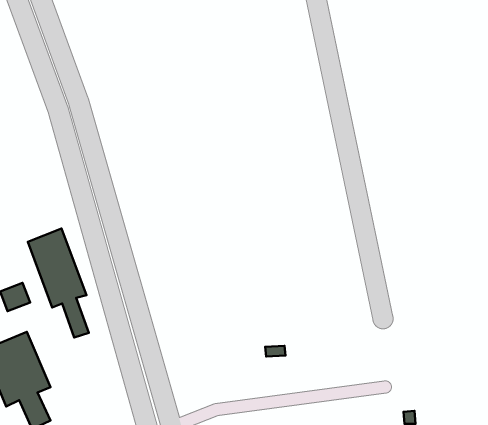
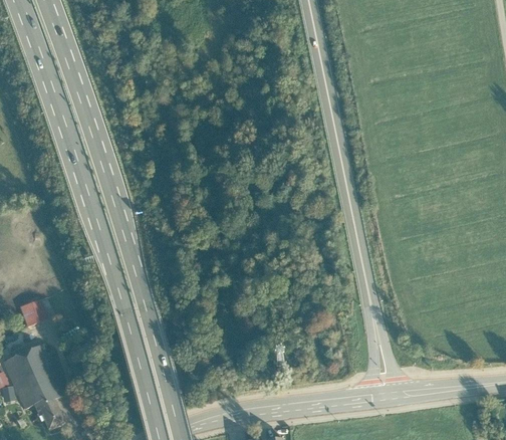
building: [28,229,89,337] -> none

